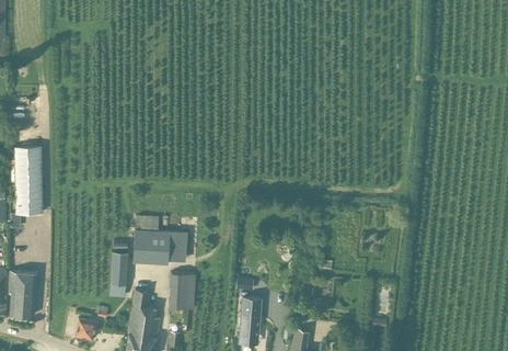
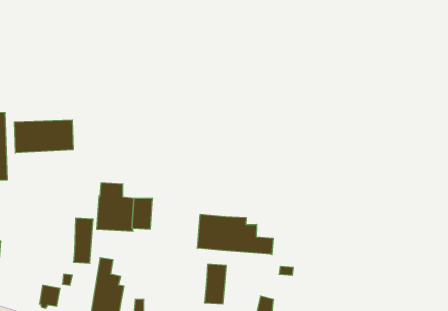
building: none -> [14,120,73,153]
building: none -> [197,214,273,255]
building: [169,273,195,309] -> none

